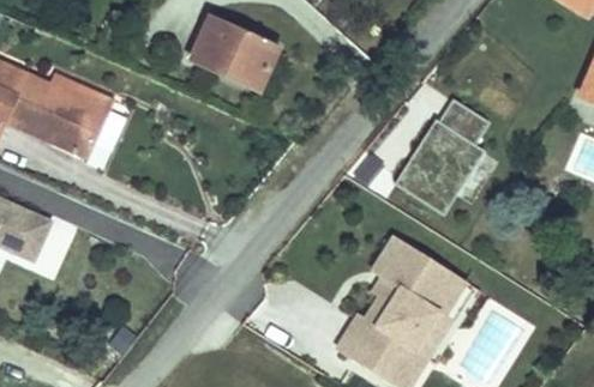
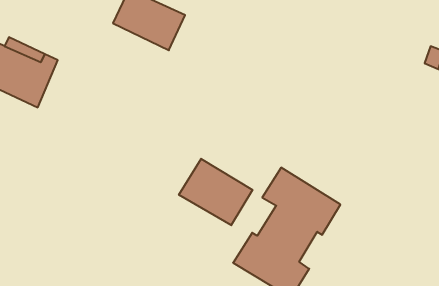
building: [391,96,494,213] -> none
building: none -> [179,159,252,225]

